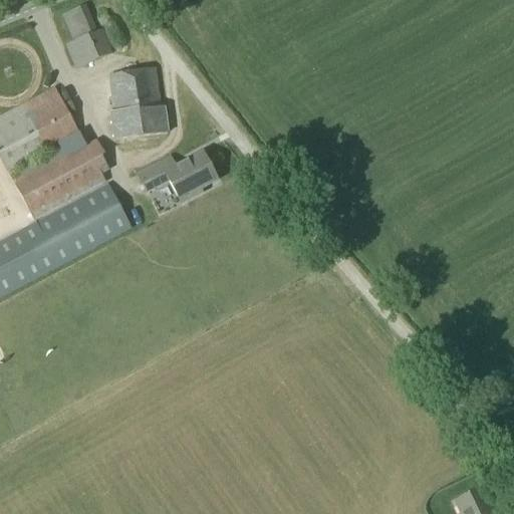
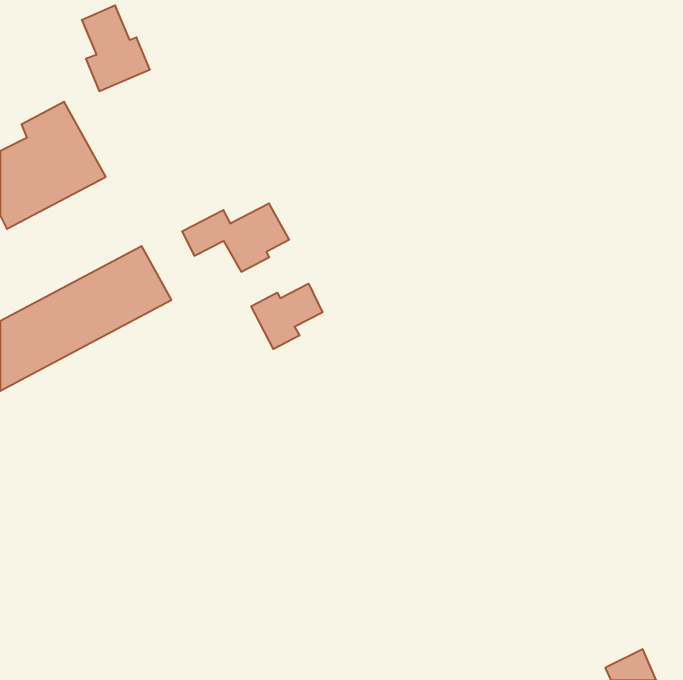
building: [108,67,169,139] -> none
building: [14,136,109,220] -> none
building: none -> [251,284,323,349]

